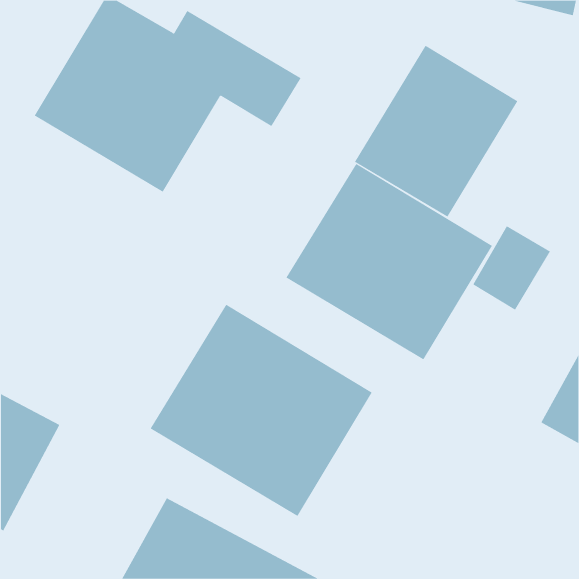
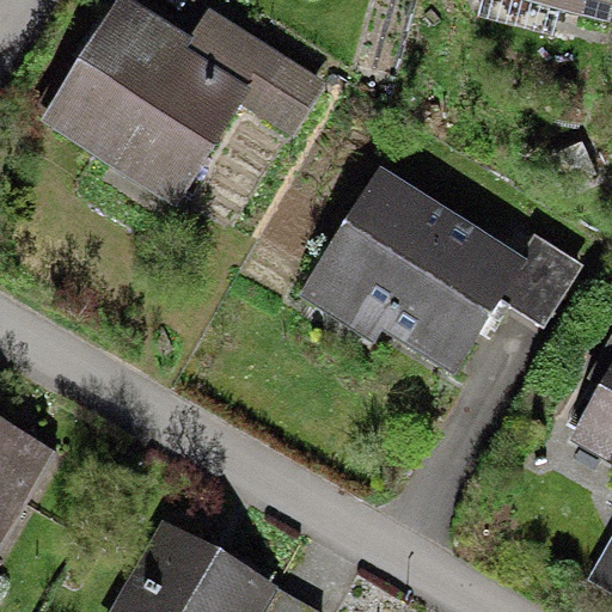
building: [354,45,518,218] -> none
building: [150,304,373,517] -> none

